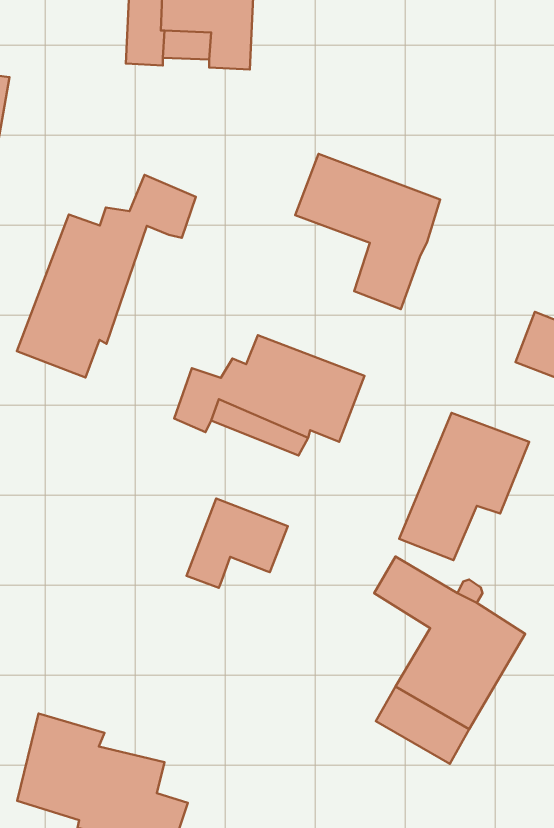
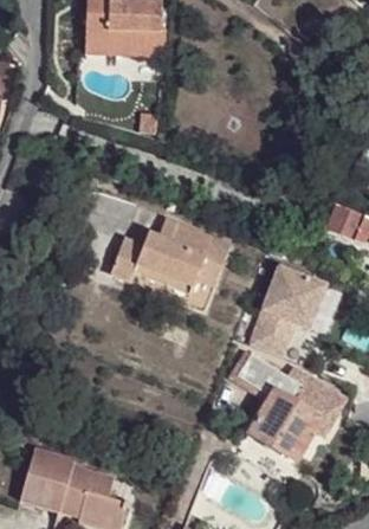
building: [295,154,440,309] -> none
building: [17,175,196,378] -> none
building: [187,498,288,588] -> none

